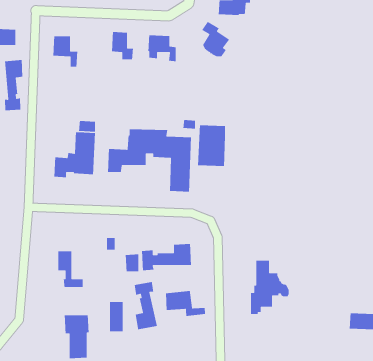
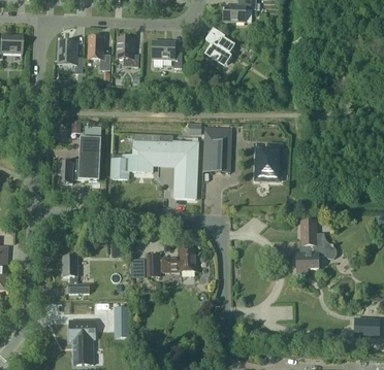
building: none -> [88,36,110,69]
building: [4,59,23,111] -> none
building: none -> [258,144,281,177]
building: [250,260,289,315] -> [296,221,335,275]
building: [134,281,158,330] -> none
building: [165,290,206,317] -> none

